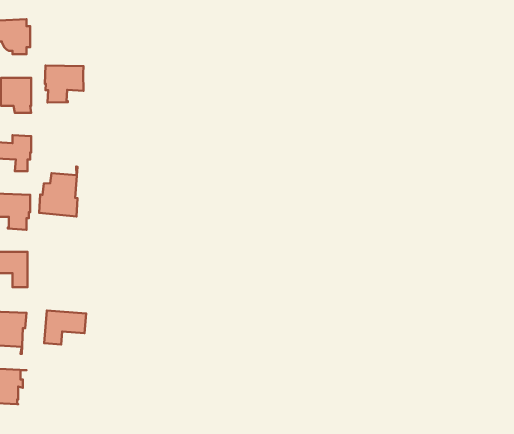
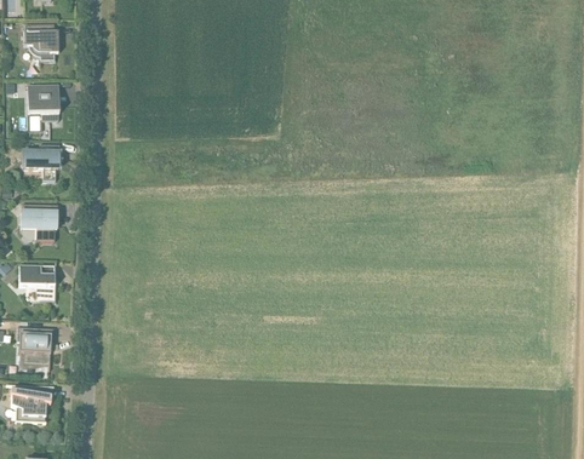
building: [45,65,83,103] -> none
building: [39,167,77,217] -> none
building: [44,310,86,344] -> none

